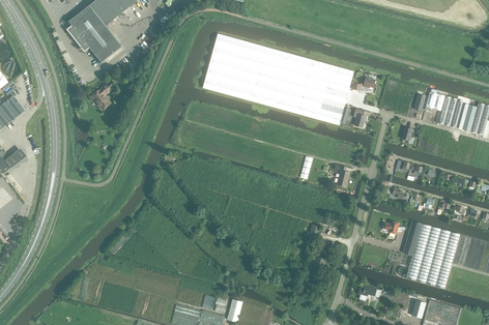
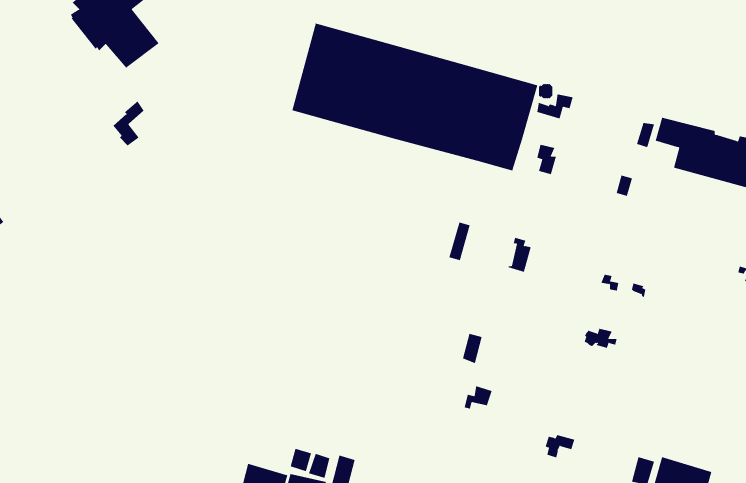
building: [402,219,459,288] -> none

